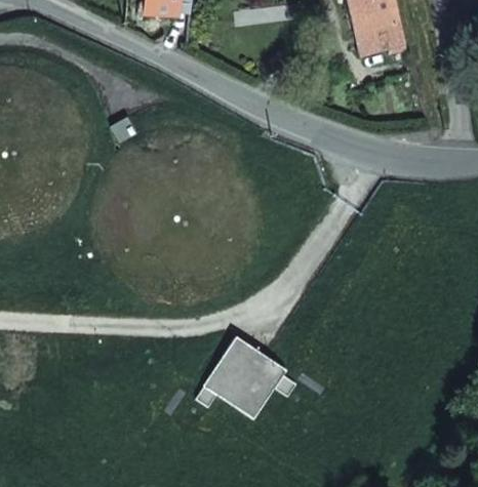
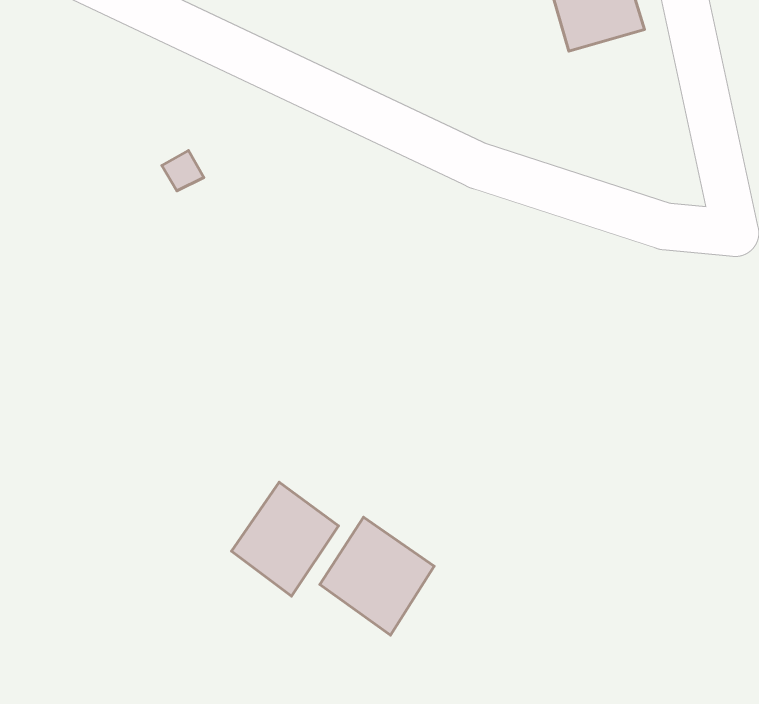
building: none -> [232,482,338,596]

